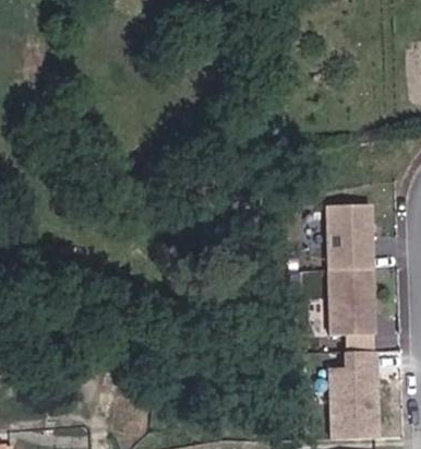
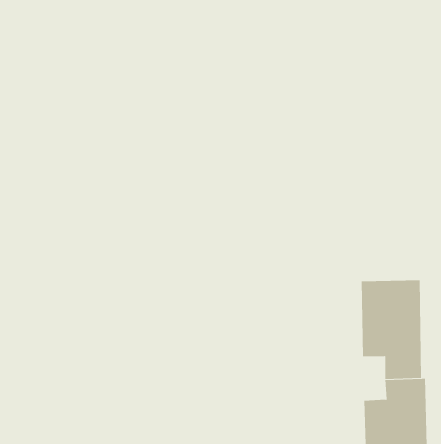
building: [325,206,374,272] -> none

